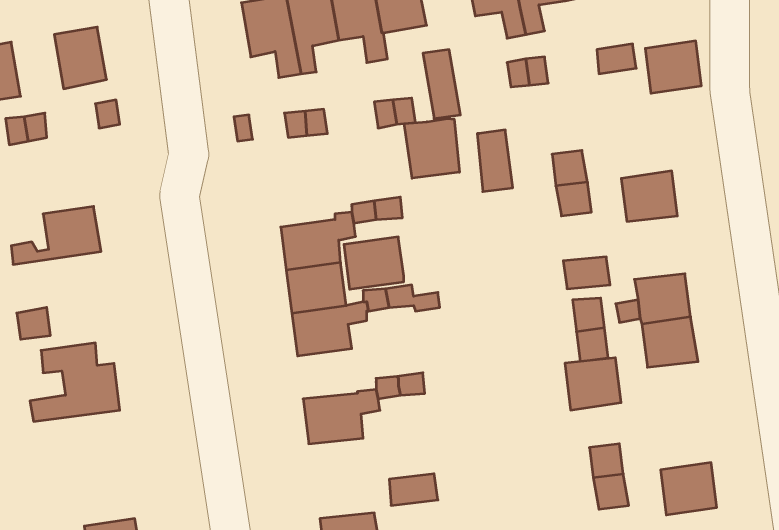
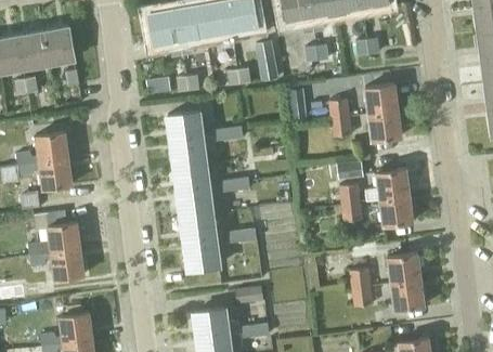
building: none -> [16,31,47,67]
building: [645,41,701,93] -> [366,84,399,115]
building: [404,119,459,178] -> none
building: [344,237,404,289] -> [169,113,204,143]
building: none -> [17,157,72,188]
building: none -> [182,213,217,243]
building: [565,358,621,410] -> [389,253,421,284]
building: none -> [29,249,82,279]

